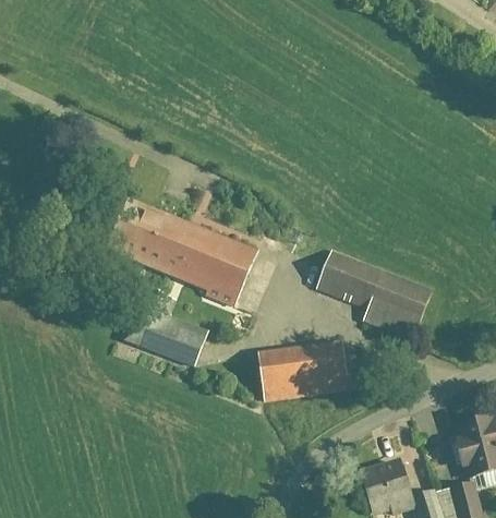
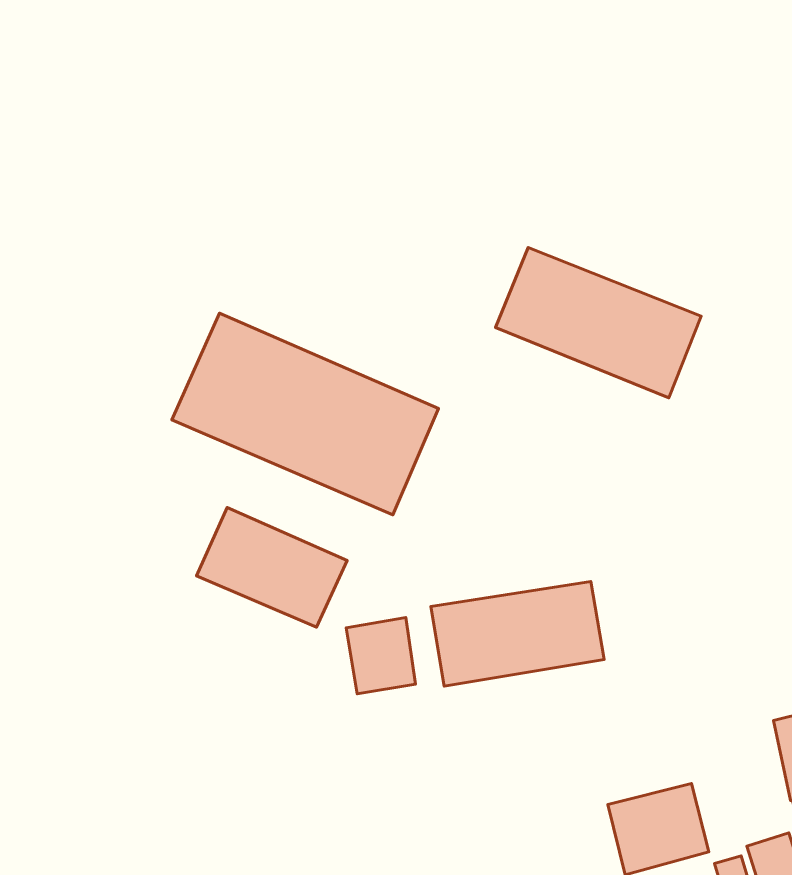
building: [317,243,435,329] -> [496,248,701,398]
building: none -> [346,617,416,694]

